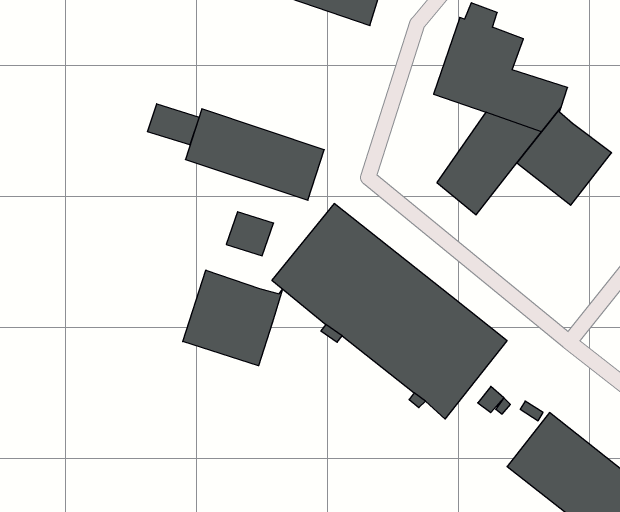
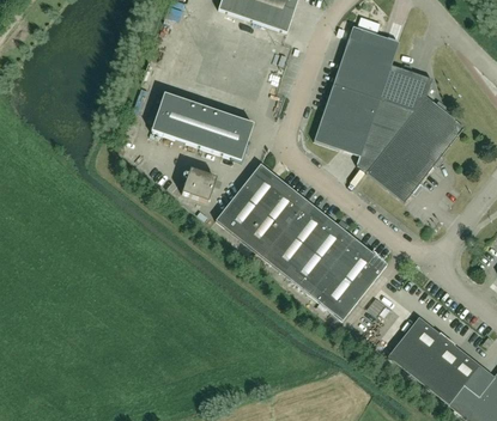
building: none -> [314,83,371,147]
building: [148,104,199,145] -> none
building: none -> [364,133,434,202]
building: [183,270,283,366] -> none

